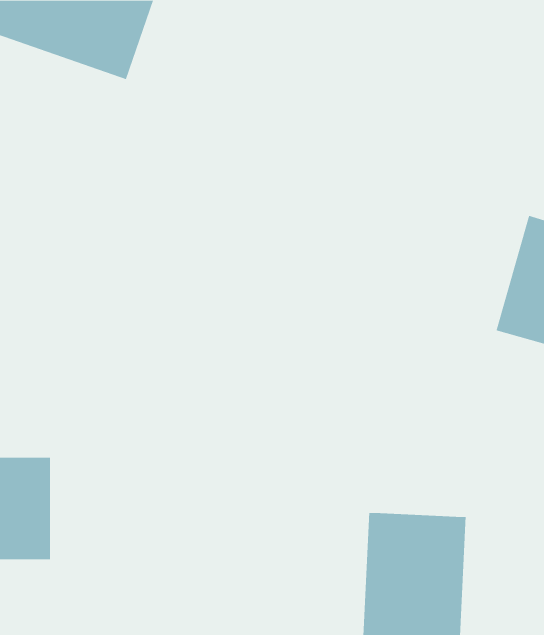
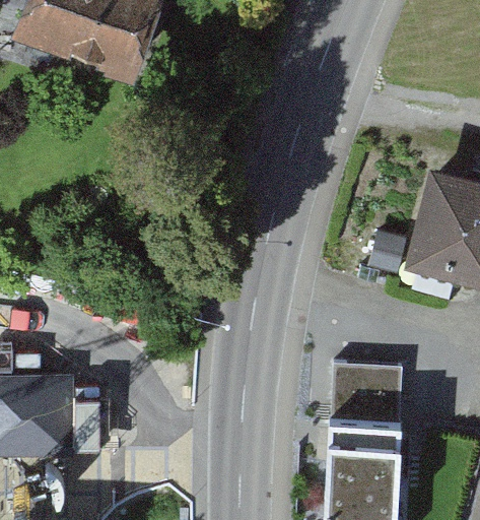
building: none -> [332,364,401,421]

